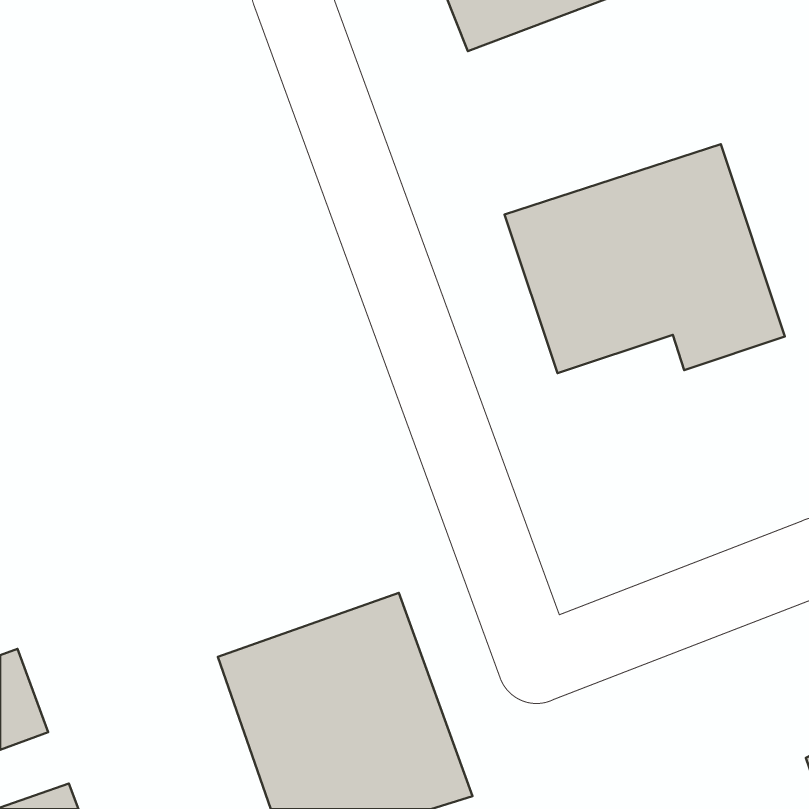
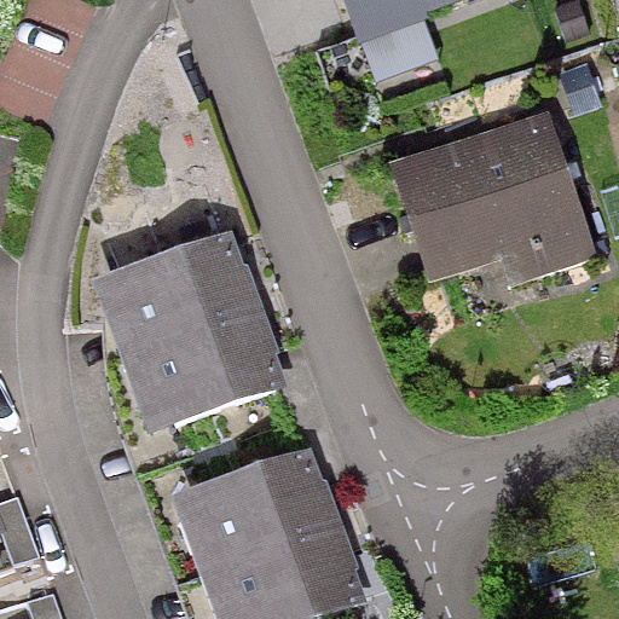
building: none -> [92,231,284,434]

